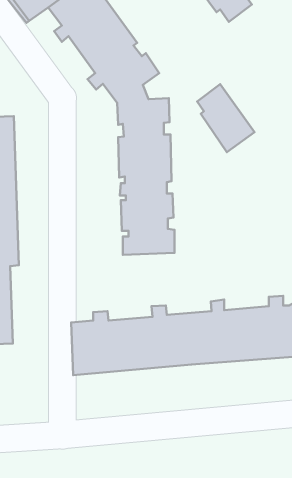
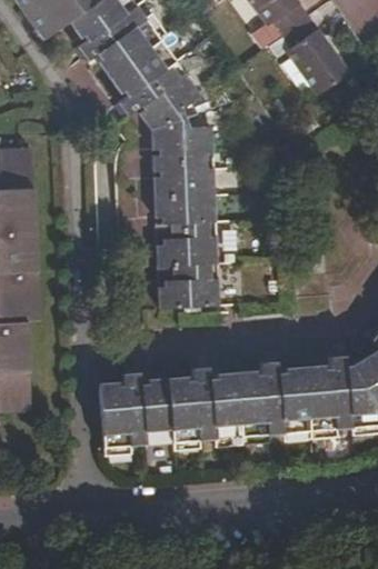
building: [197,84,254,152] -> [282,16,349,94]

